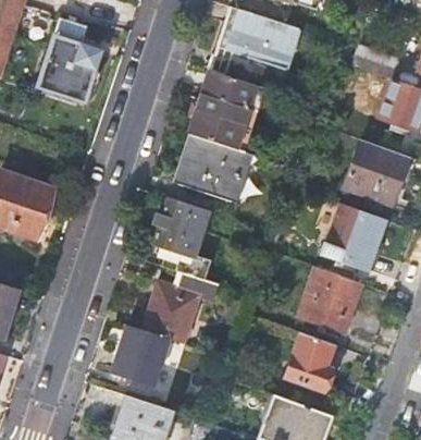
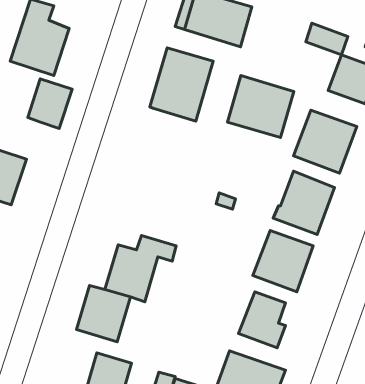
building: none -> [28,79,72,129]
building: [177,136,248,203] -> [228,75,294,138]
building: [151,198,210,259] -> none

